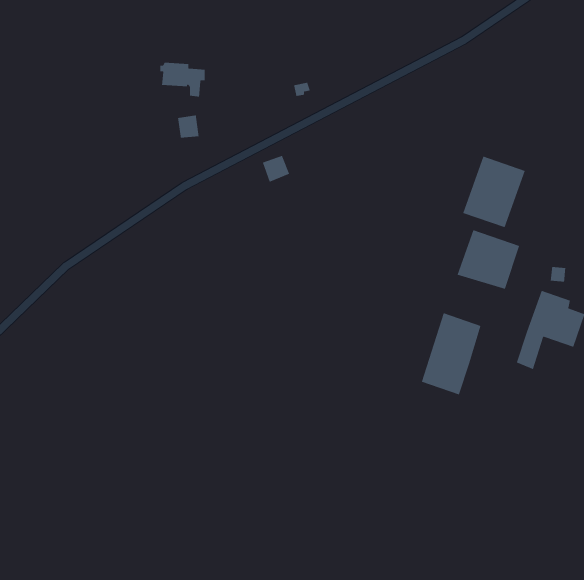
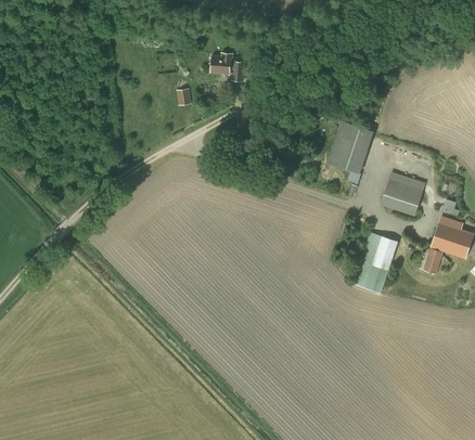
building: [160,62,206,98] -> [208,54,242,80]
building: [462,155,526,228] -> [330,122,376,176]

